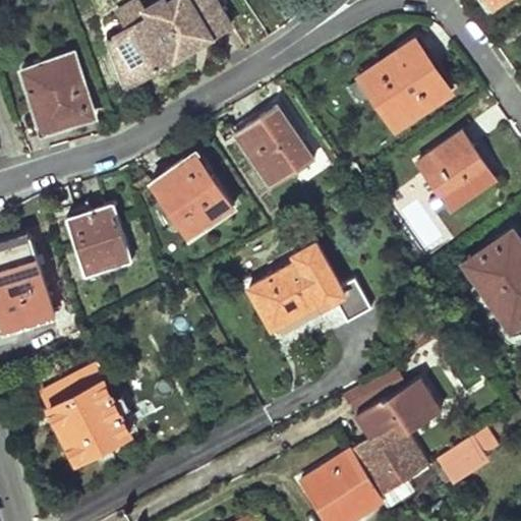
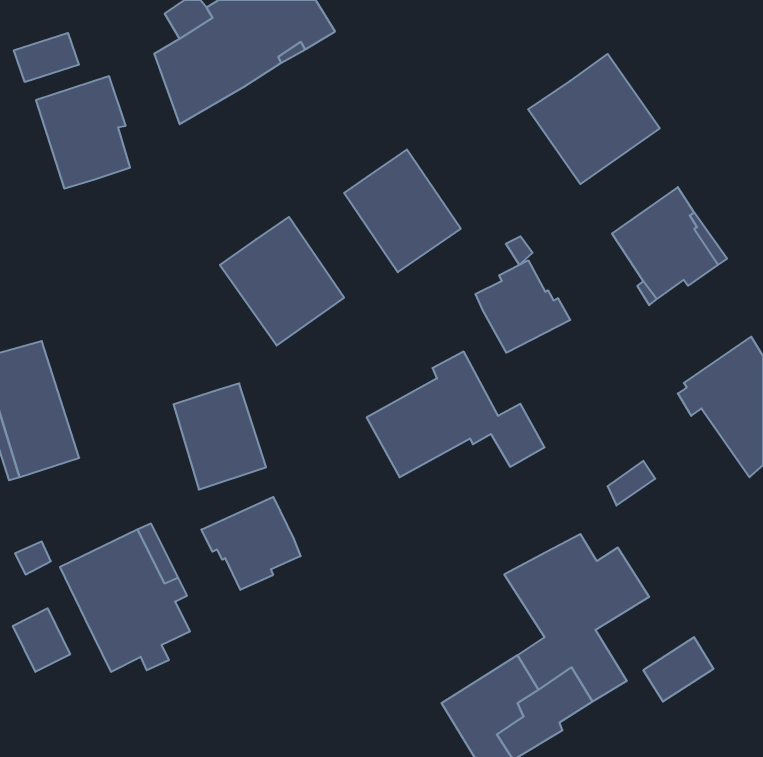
building: none -> [14,33,79,82]
building: none -> [475,260,570,353]
building: [68,205,131,277] -> [173,383,266,490]
building: none -> [201,497,301,590]
building: none -> [13,608,70,672]

